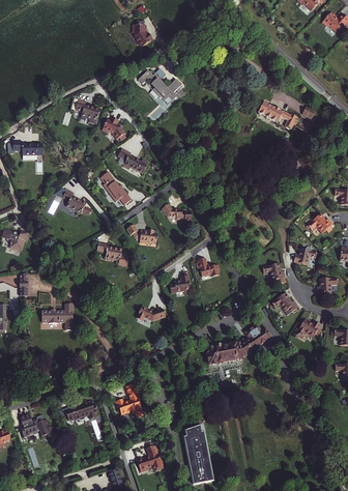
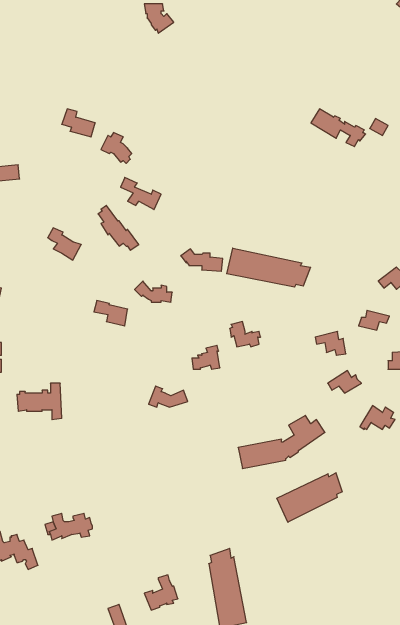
building: [139,68,182,105] -> none
building: none -> [227,248,311,287]
building: none -> [277,473,342,522]
building: [115,384,142,414] -> none

